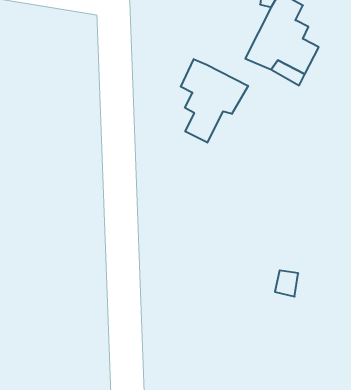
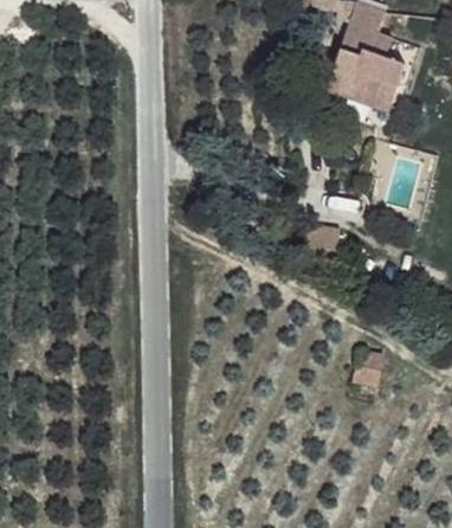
building: [181,59,248,143] -> none

